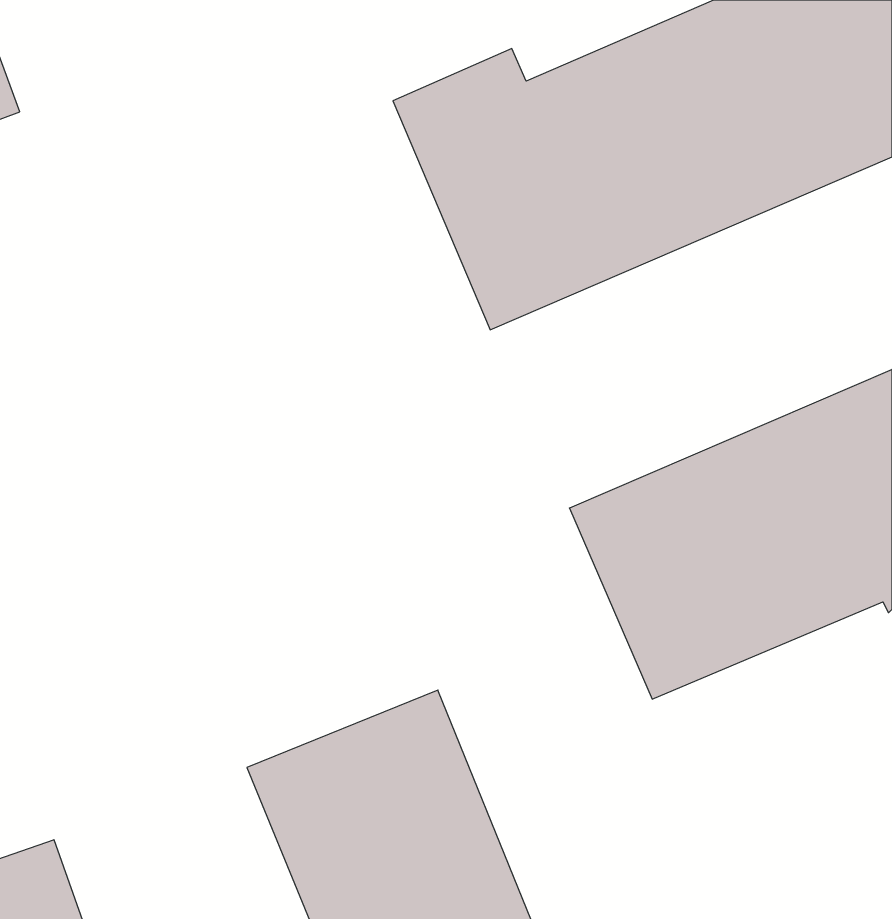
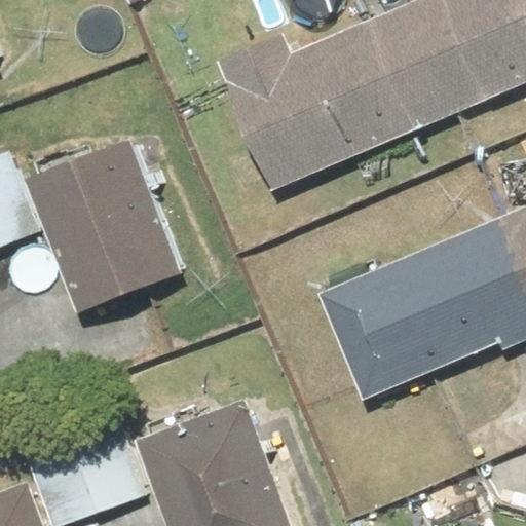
building: none -> [36,137,189,308]

